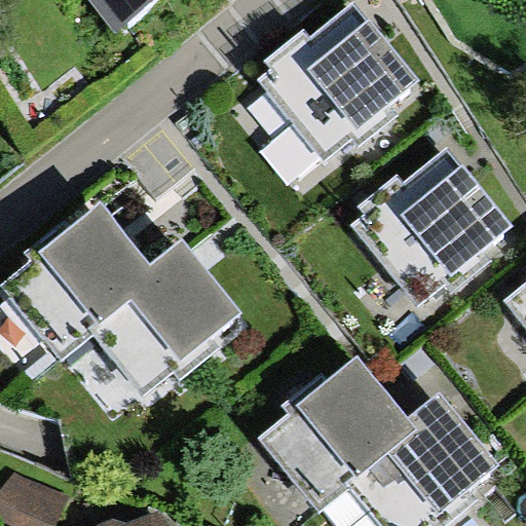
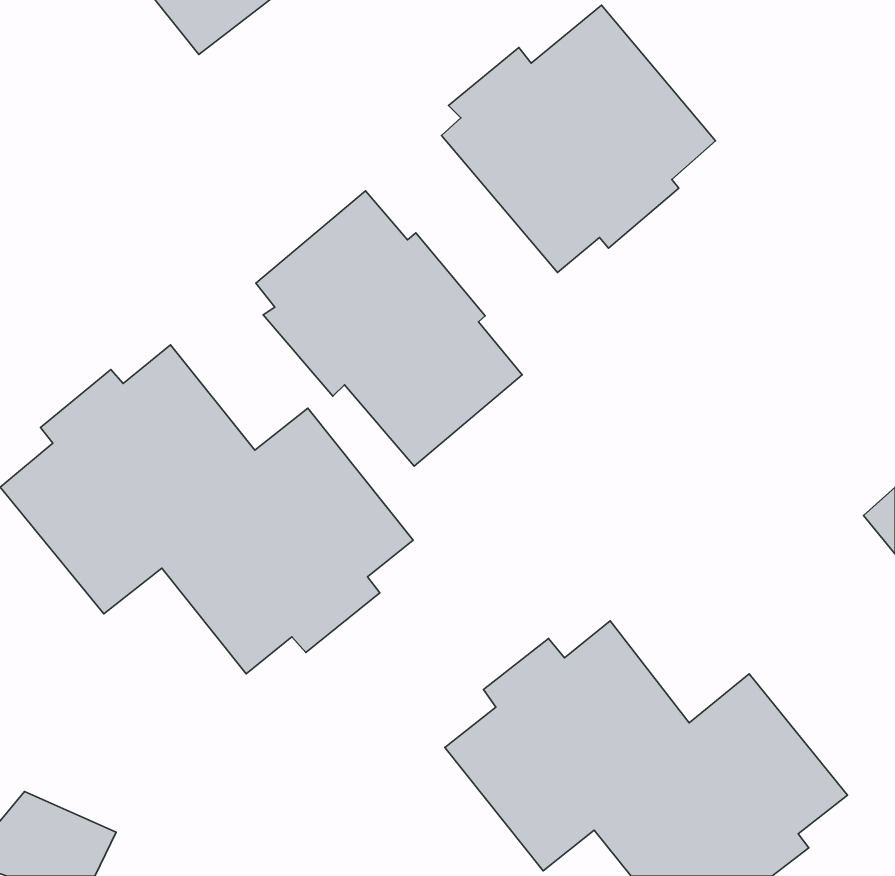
building: none -> [256,191,522,466]
building: [350,146,515,305] -> none

